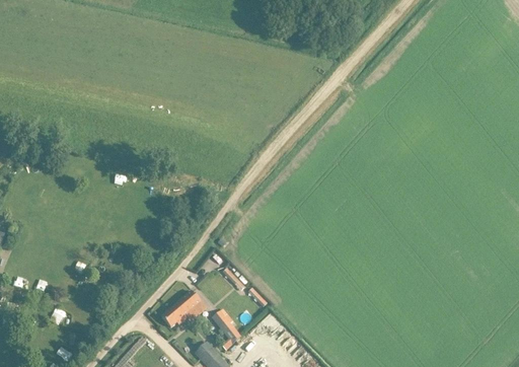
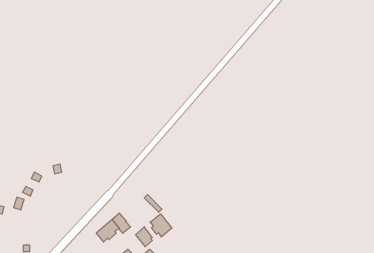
building: none -> [150,214,172,237]

